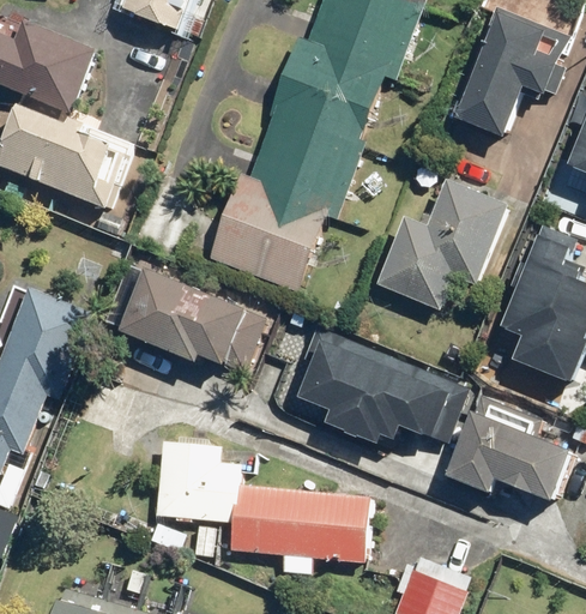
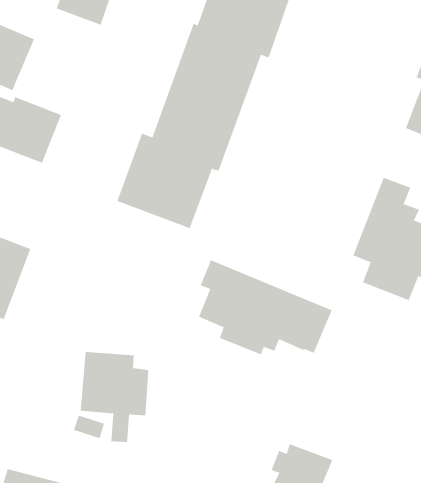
building: [455,14,572,140] -> none
building: [374,179,507,307] -> none
building: [105,264,268,375] -> none
building: [448,395,576,505] -> none
building: [237,486,375,577] -> none

